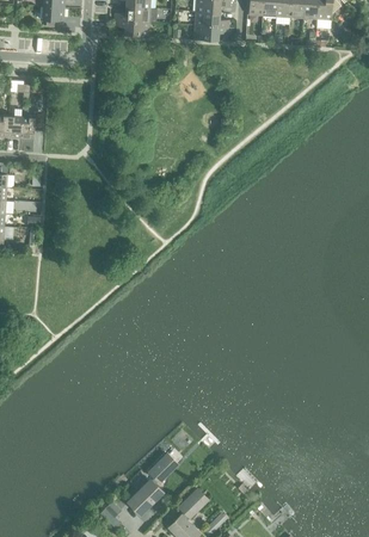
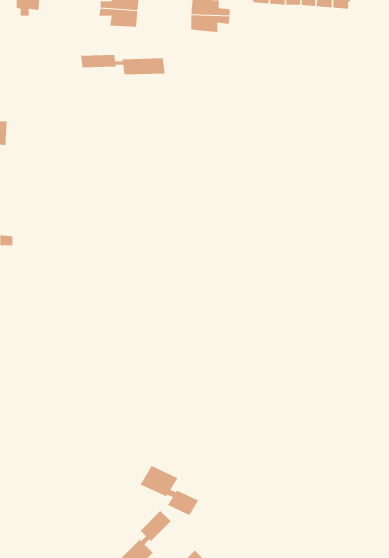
building: none -> [80,54,165,75]
building: none -> [140,465,199,516]

